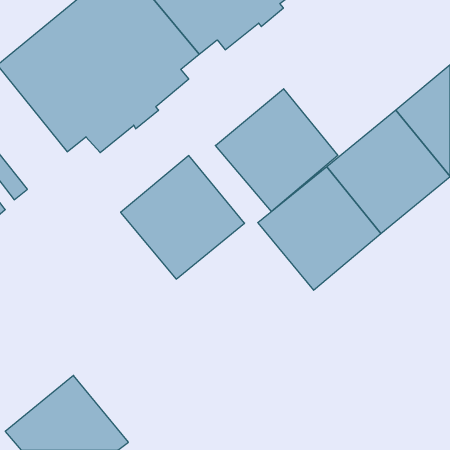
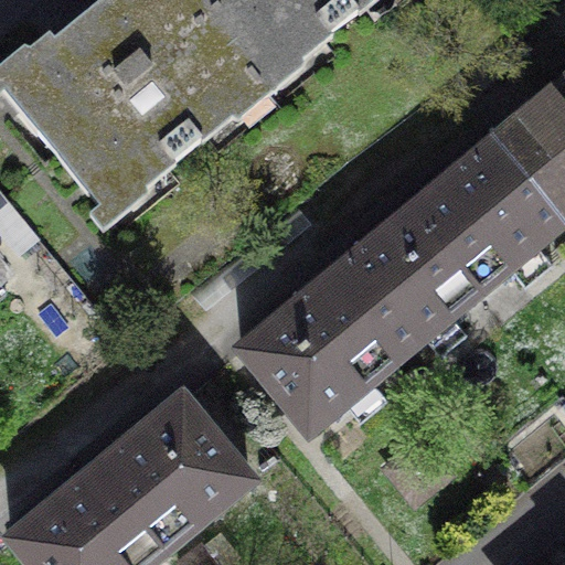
building: [215,89,338,212] -> none
building: [121,156,245,279] -> [236,277,391,430]
building: none -> [92,395,246,550]

